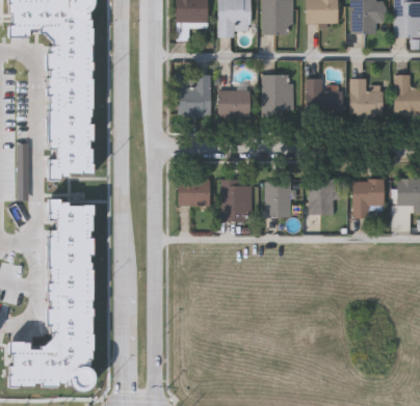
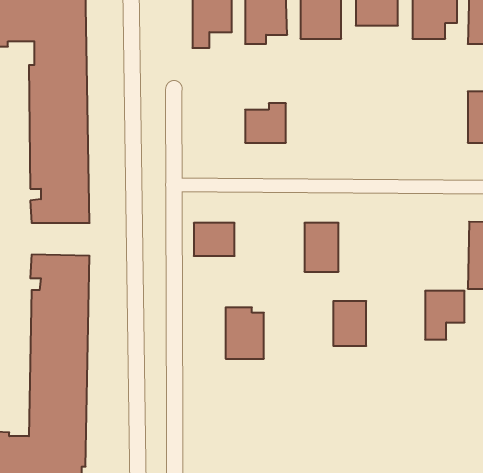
building: [262,75,292,115] -> none
building: [178,76,210,115] -> none
building: [307,79,341,113] -> none
building: [349,79,382,115] -> none
building: [309,179,335,214] -> [333,301,366,346]
building: [220,180,251,220] -> [226,307,264,359]
building: [352,180,384,218] -> [425,291,465,340]

